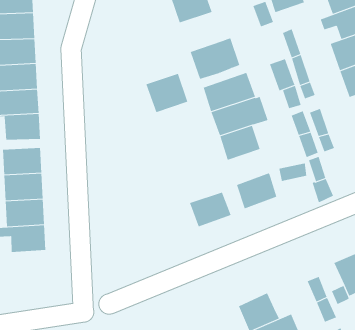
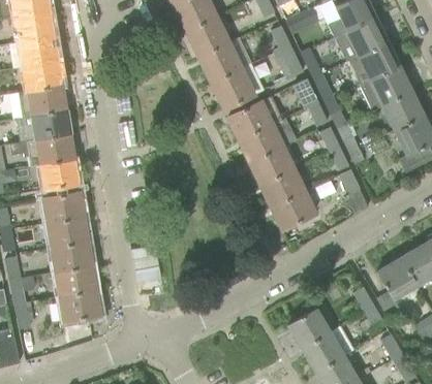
building: none -> [274,44,304,79]
building: [145,73,188,113] -> [199,41,243,83]
building: [189,192,231,227] -> [261,169,304,206]
building: none -> [61,291,99,321]

